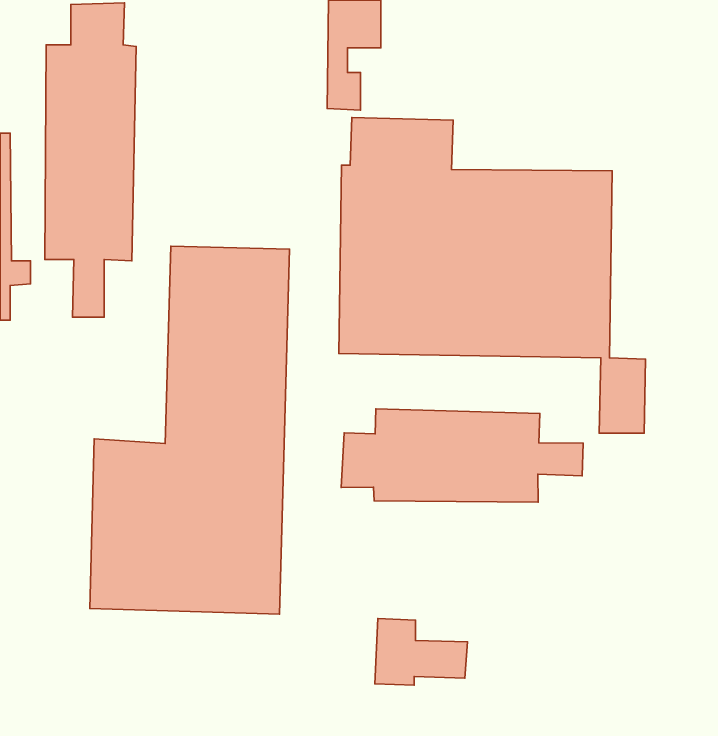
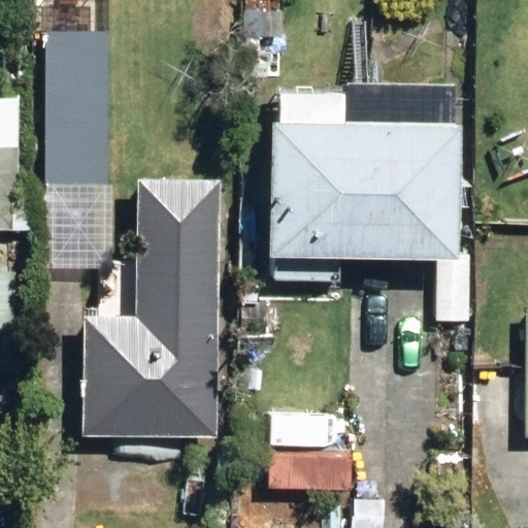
building: [341,409,583,502] -> none

